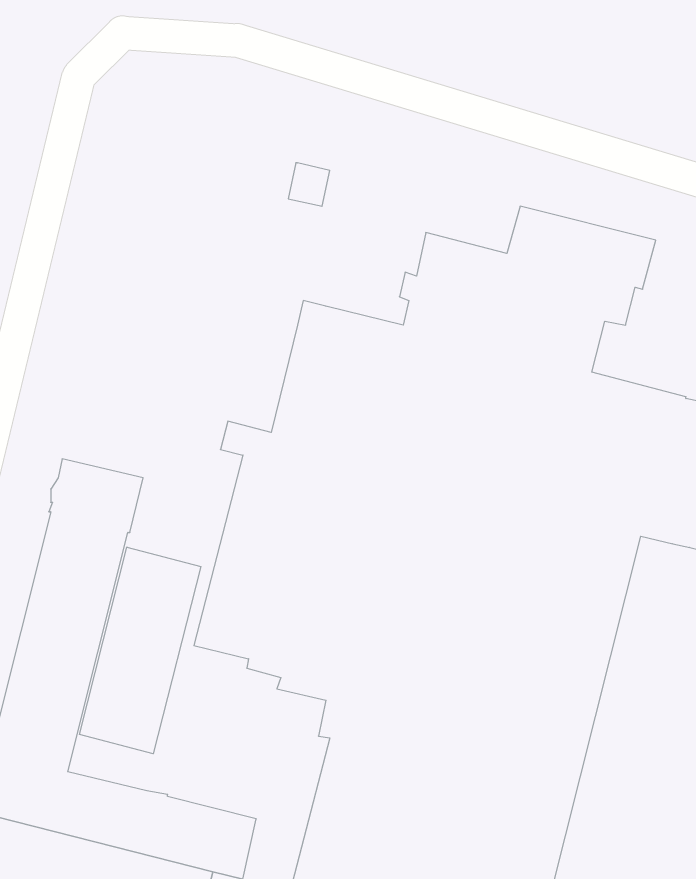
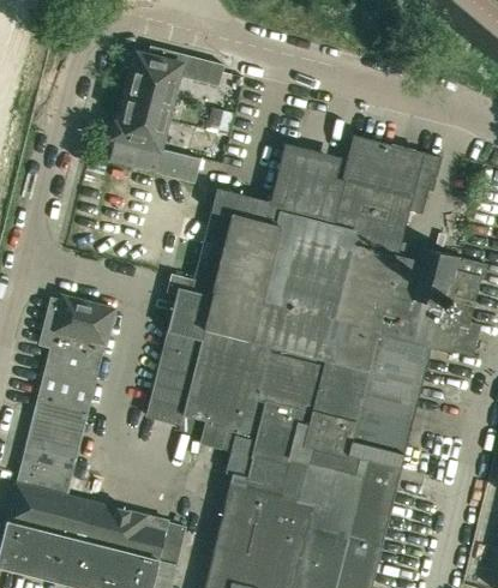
building: none -> [108,46,224,184]
building: [79,547,201,754] -> none

